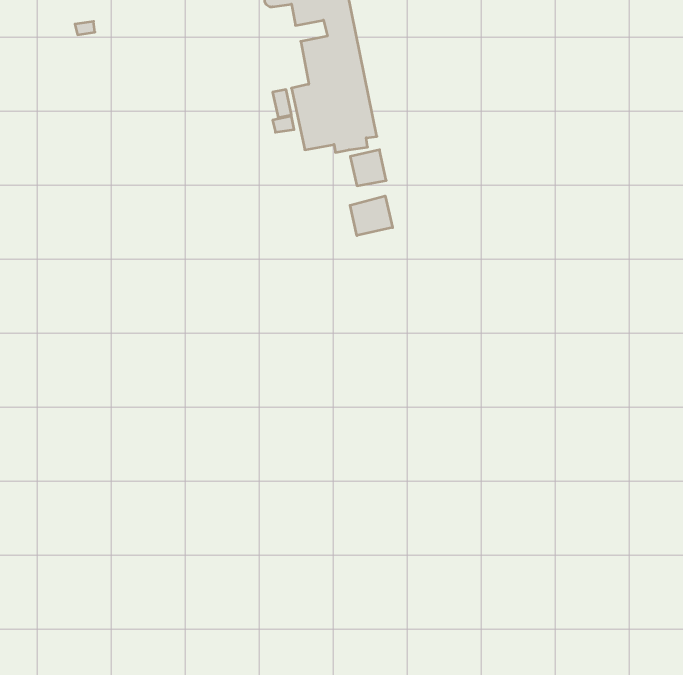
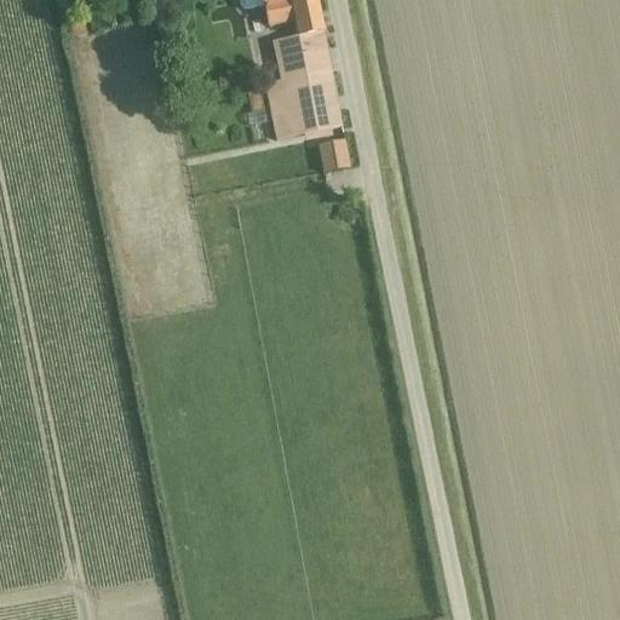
building: [350,196,393,236] -> none

